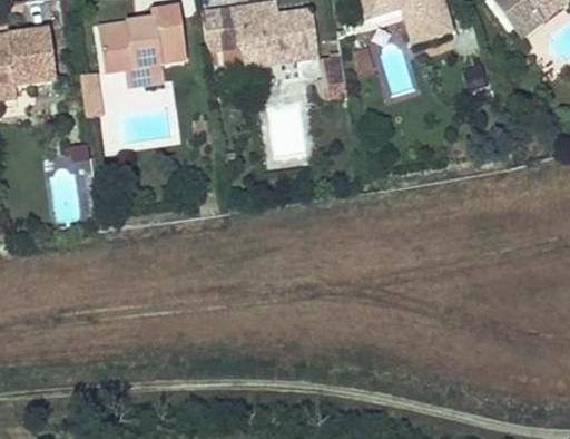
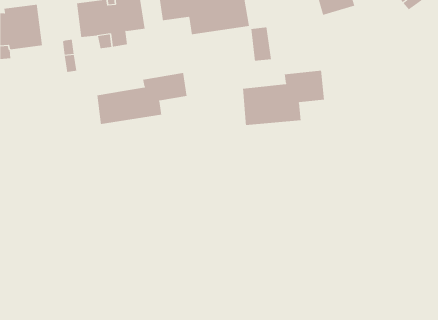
building: none -> [242,70,324,126]
building: none -> [97,72,187,125]

